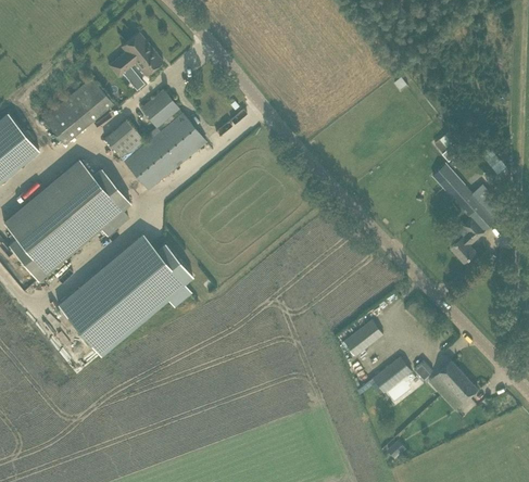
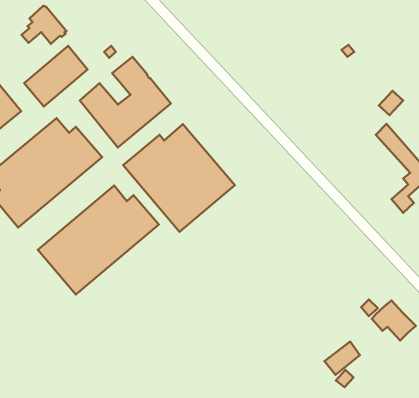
building: [113,34,163,76] -> [22,6,67,44]
building: none -> [123,124,235,232]
building: [344,320,385,358] -> none
building: [374,358,413,395] -> [325,342,360,375]

